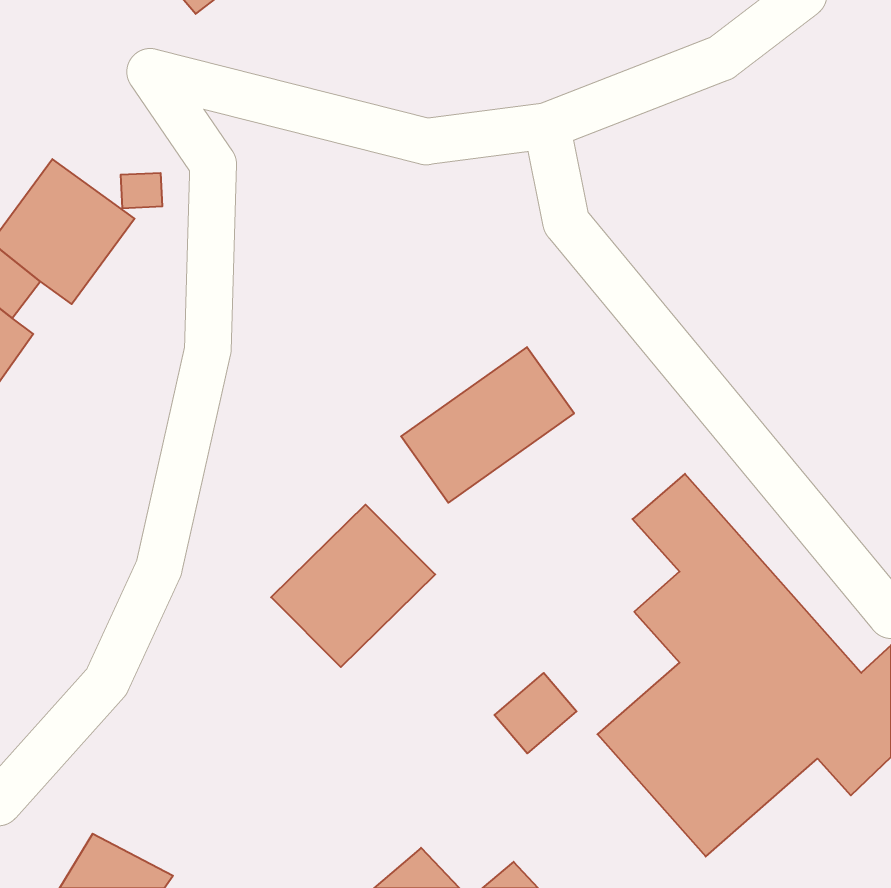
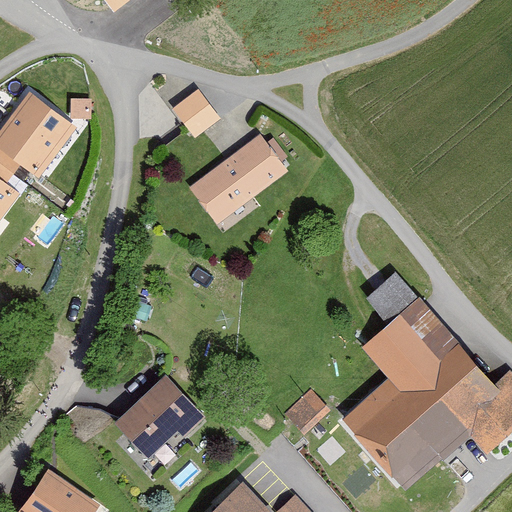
building: none -> [171,85,223,137]
building: [401,347,574,503] -> [188,133,287,222]
building: [271,505,435,667] -> [118,374,212,467]

